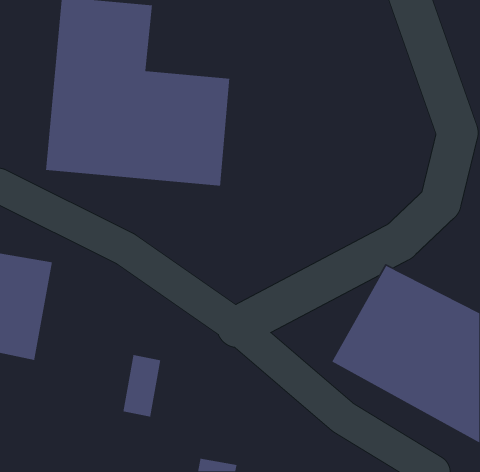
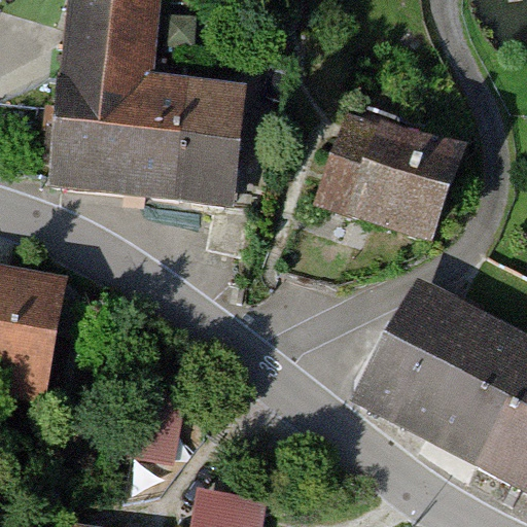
building: none -> [324,130,456,234]

